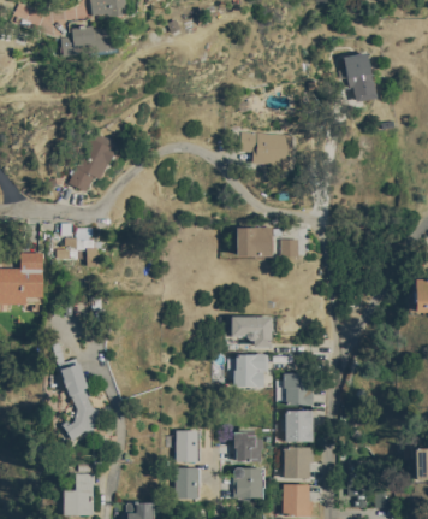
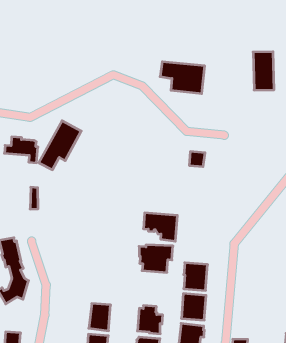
building: [345,53,374,101] -> [253,52,274,90]
building: [69,131,117,191] -> [39,121,81,170]
building: [237,226,273,255] -> none

